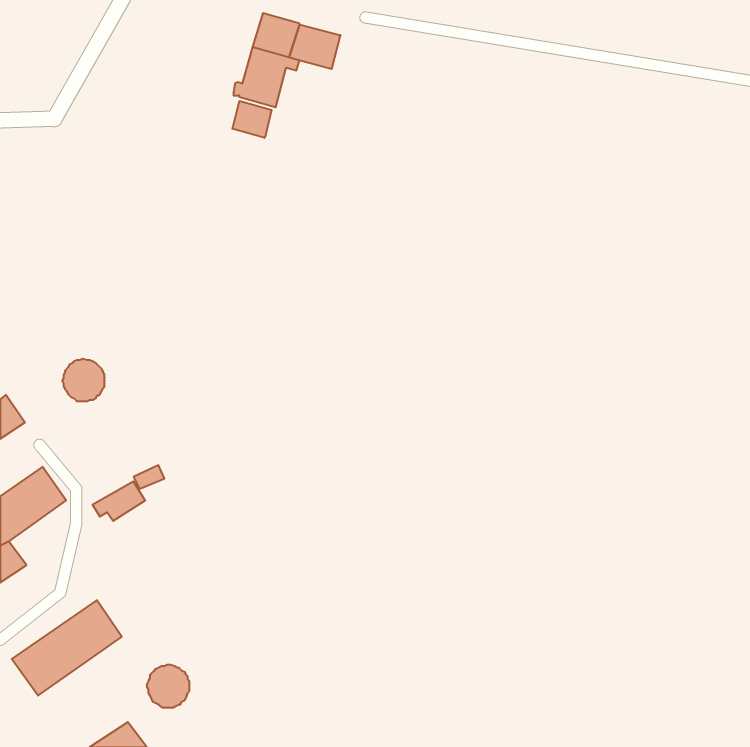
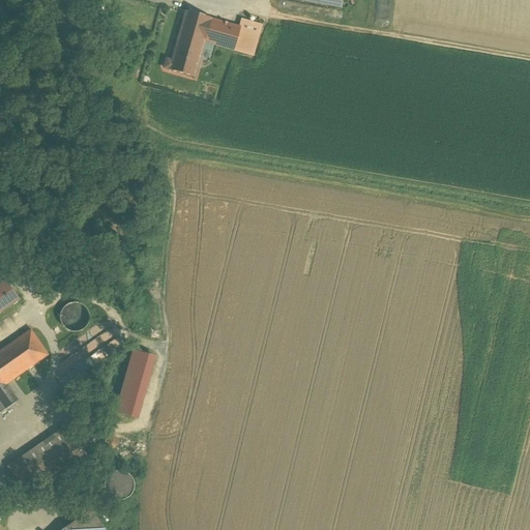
building: none -> [234,18,261,54]
building: [232,101,272,138] -> none
building: [62,359,105,401] -> [59,300,89,330]
building: none -> [117,347,157,416]

